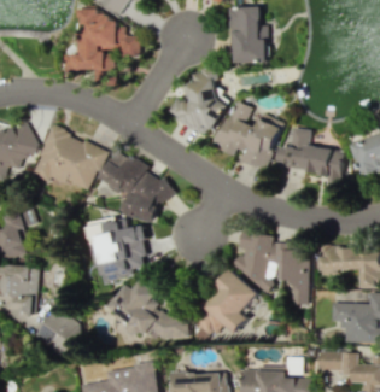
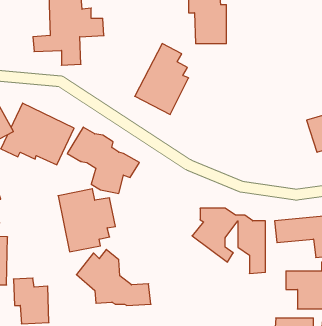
building: [214,99,283,170] -> none
building: [277,128,345,177] -> none
building: [189,270,258,341] -> none

